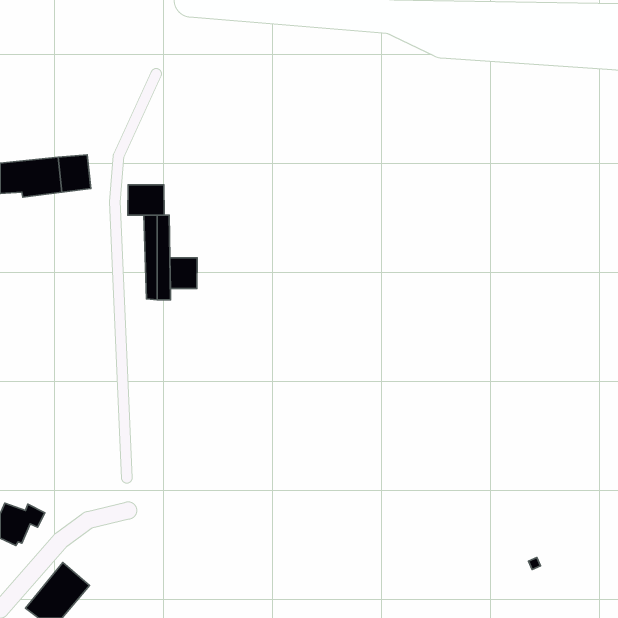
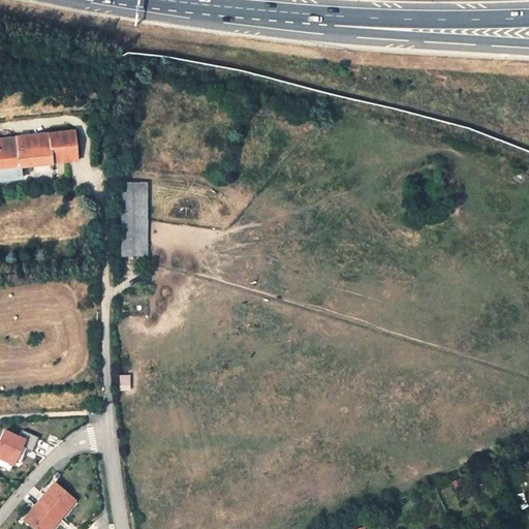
building: [128,185,164,215] -> none
building: [170,258,197,289] -> none

